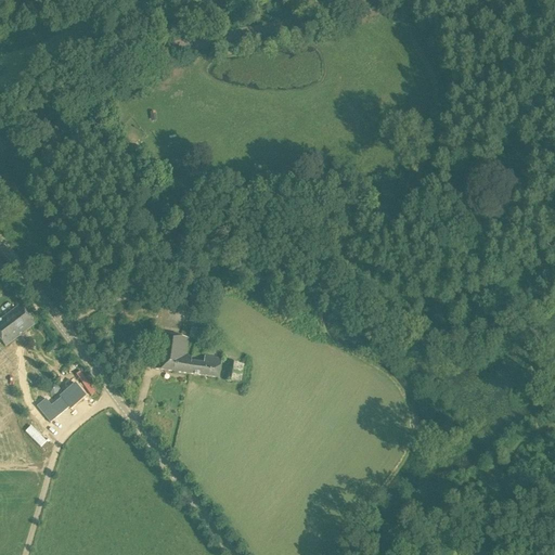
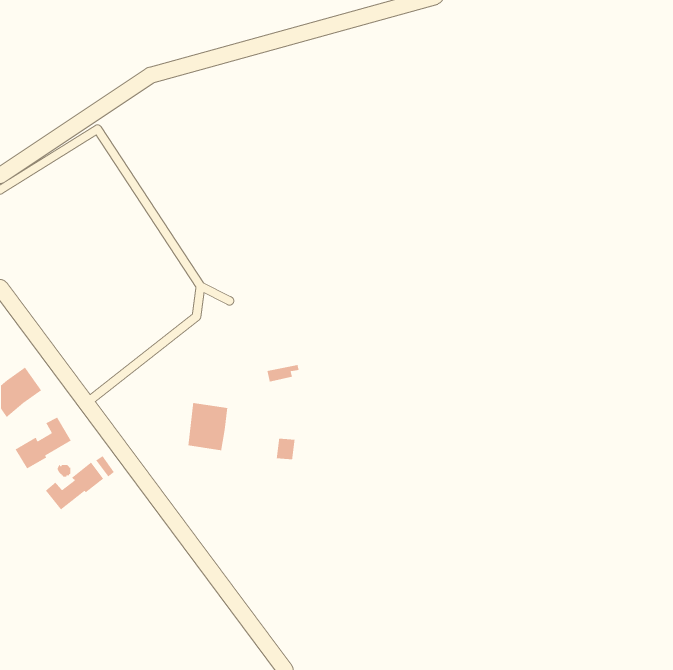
building: none -> [14,417,72,469]
building: [183,353,222,375] -> none

